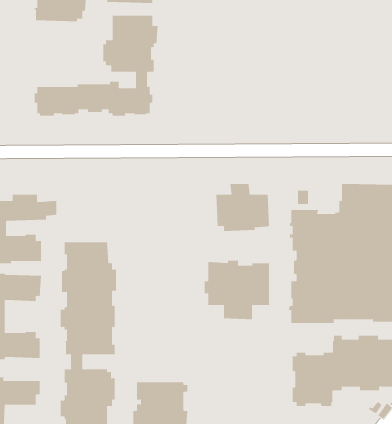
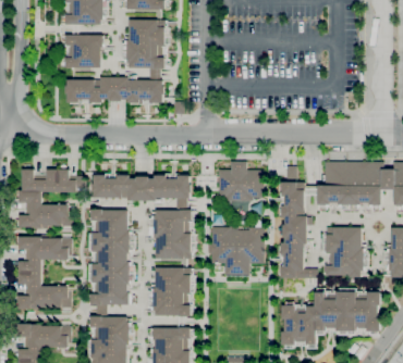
building: none -> [64,35,108,67]
building: none -> [90,173,192,258]
building: none -> [150,267,192,315]

